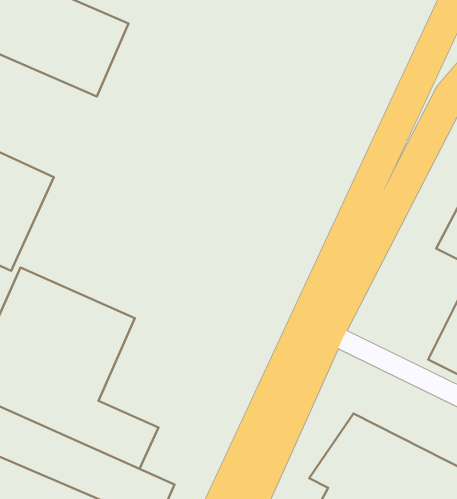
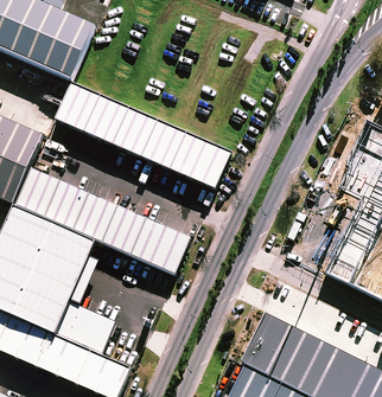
building: none -> [56,85,230,191]
building: none -> [17,168,192,276]

